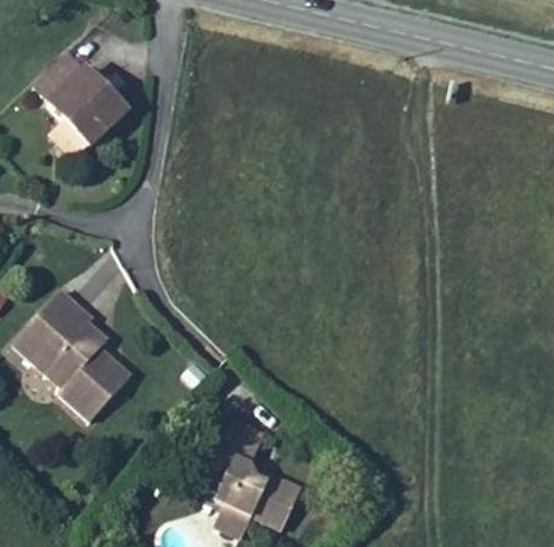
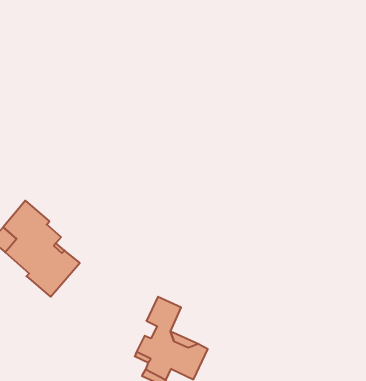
building: [34,50,126,159] -> none

